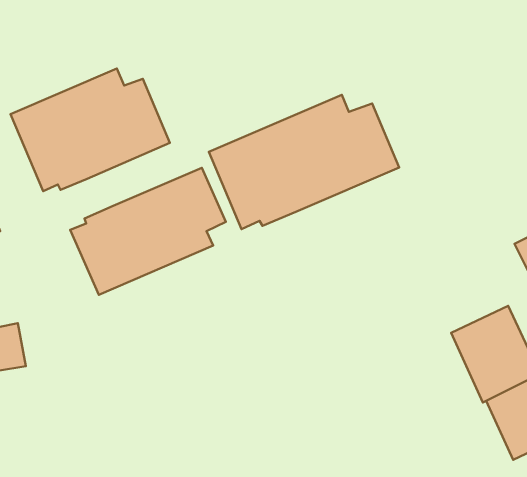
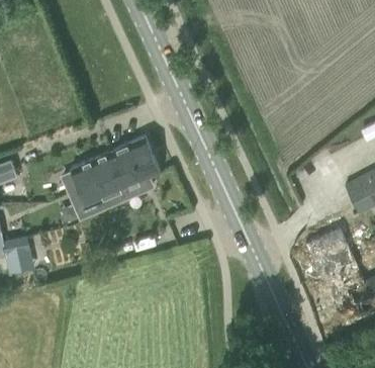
building: [11,69,170,191] -> none
building: [209,95,399,229] -> none

